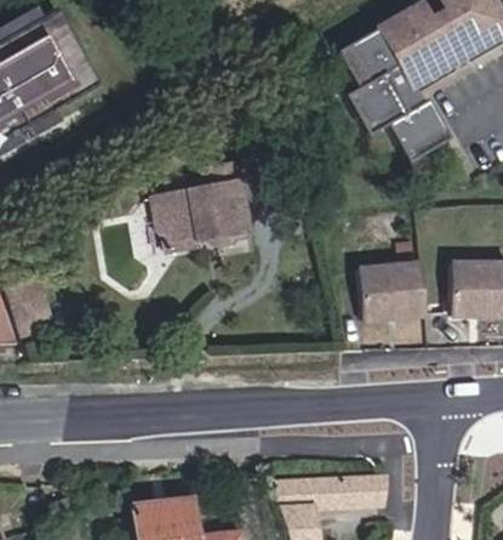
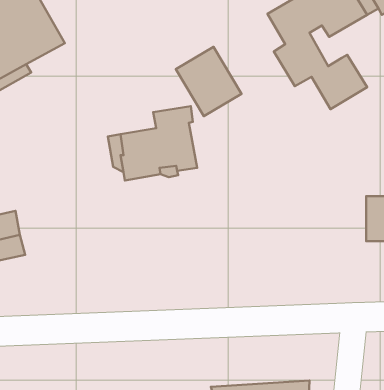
building: [384,55,456,114] -> none
building: none -> [176,47,242,116]
building: [368,265,435,320] -> none

